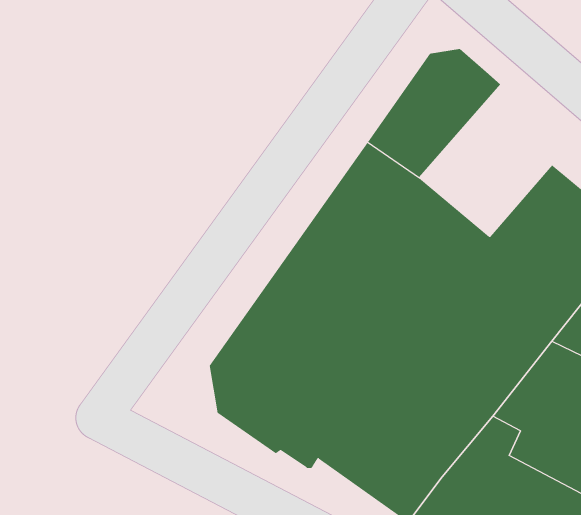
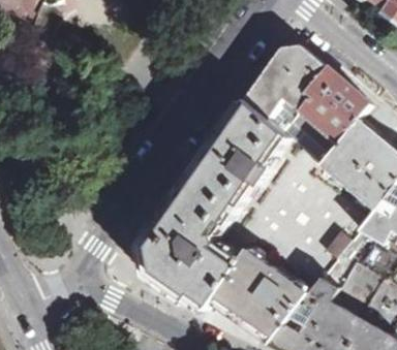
building: none -> [274,67,369,163]

